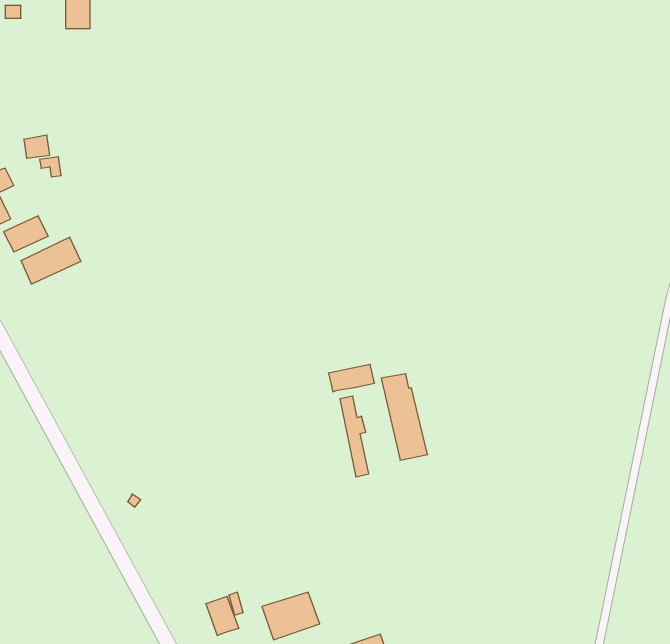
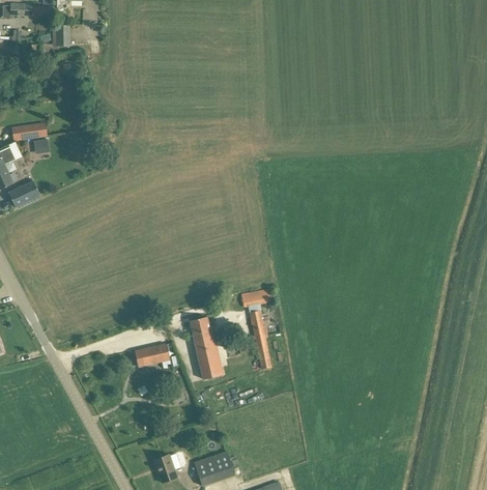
building: [21,237,81,284] -> none
building: [381,374,428,460] -> [190,317,223,379]
building: none -> [137,343,171,366]

